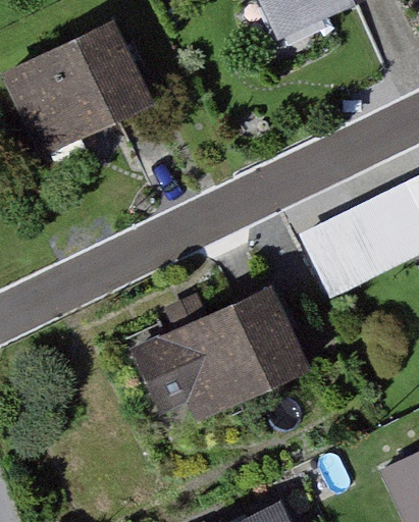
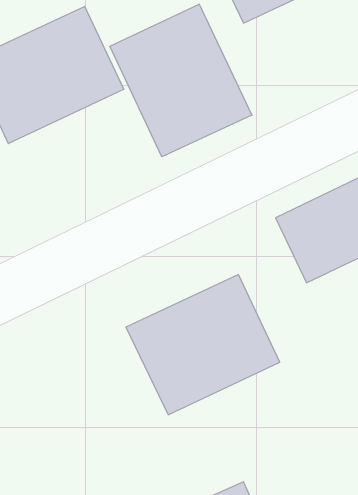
building: none -> [110,4,252,157]

